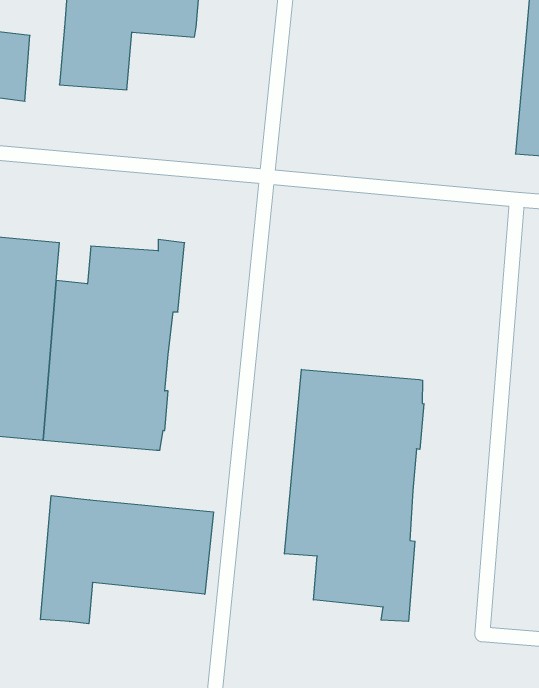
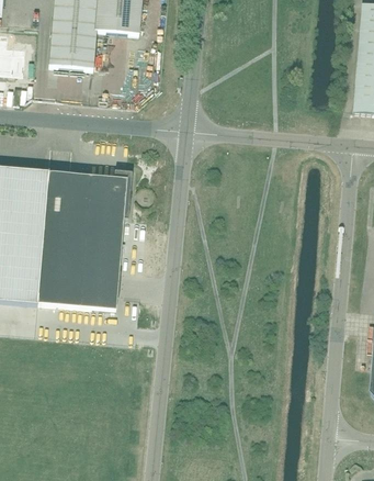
building: [285,369,424,621] -> none
building: [41,496,213,624] -> none

